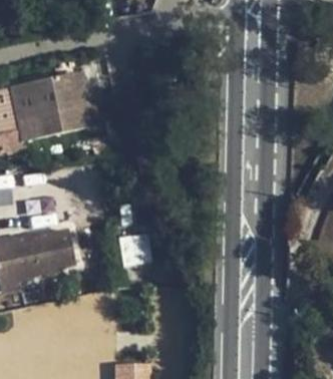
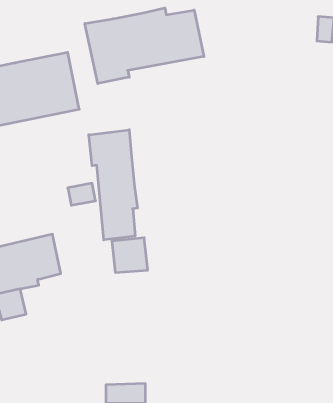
building: none -> [85,8,204,84]
building: none -> [89,130,137,240]

